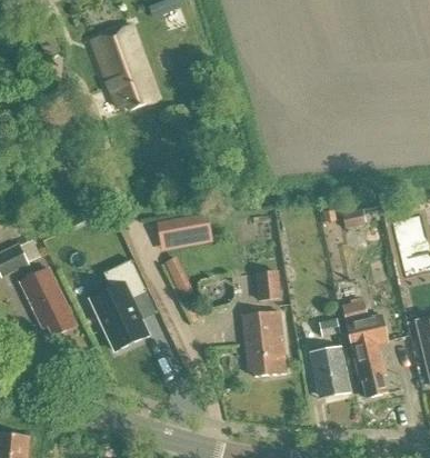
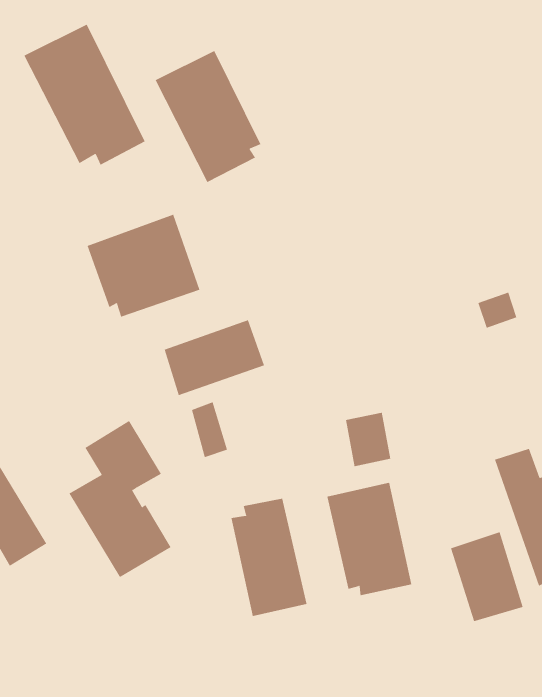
building: none -> [155,50,261,183]
building: none -> [87,214,200,318]
building: none -> [231,498,307,617]

